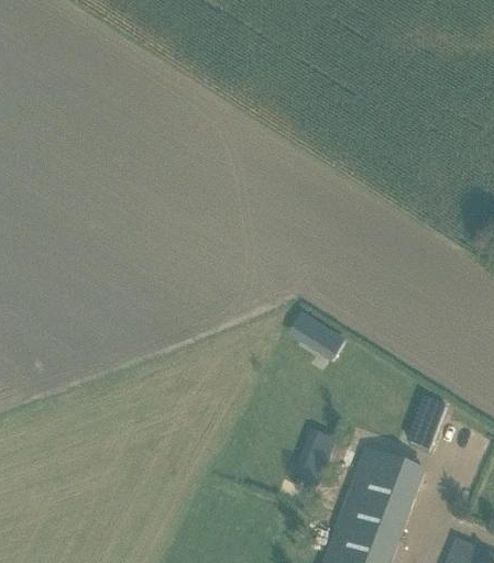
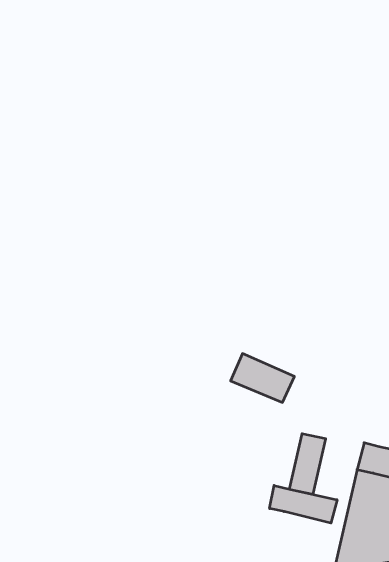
building: [286,312,344,362] -> [231,354,294,402]
building: none -> [270,485,337,523]

